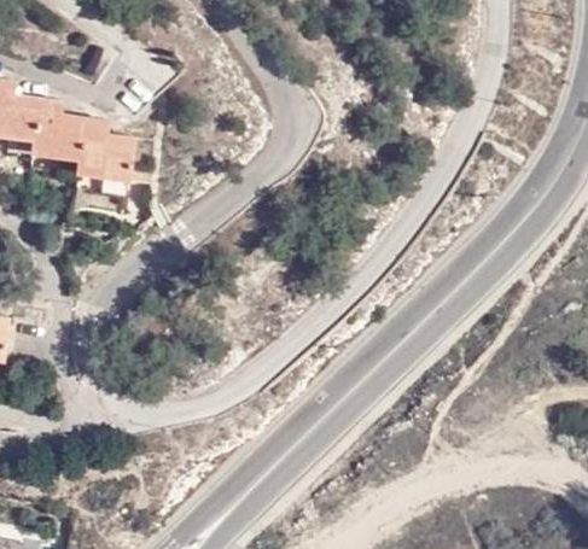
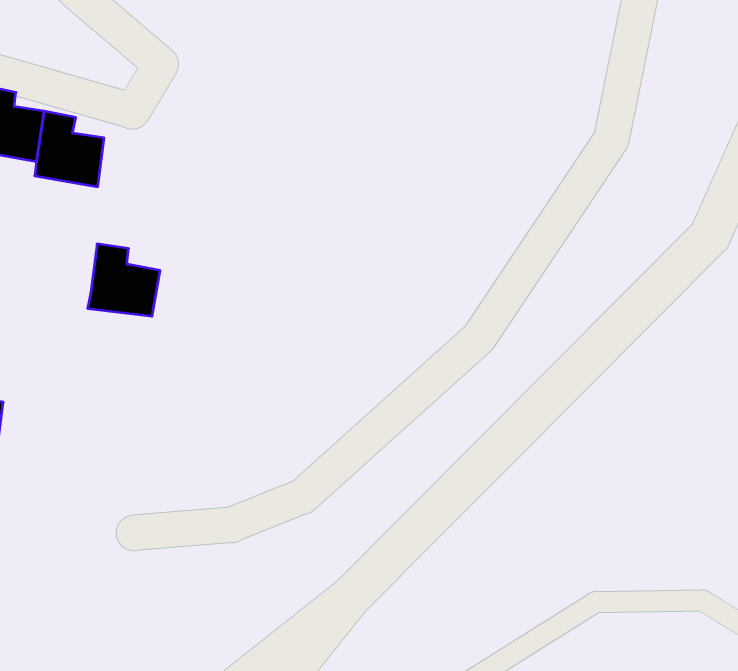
building: [77,121,133,176] -> [88,244,160,316]

